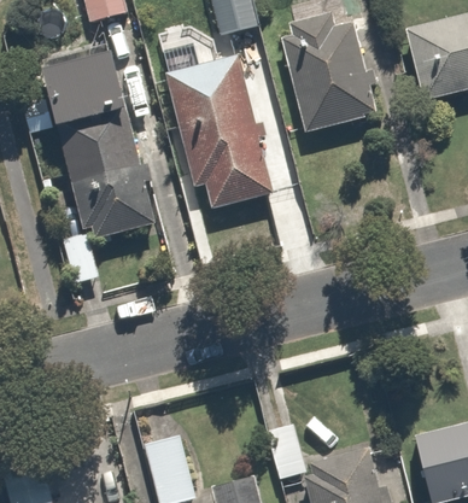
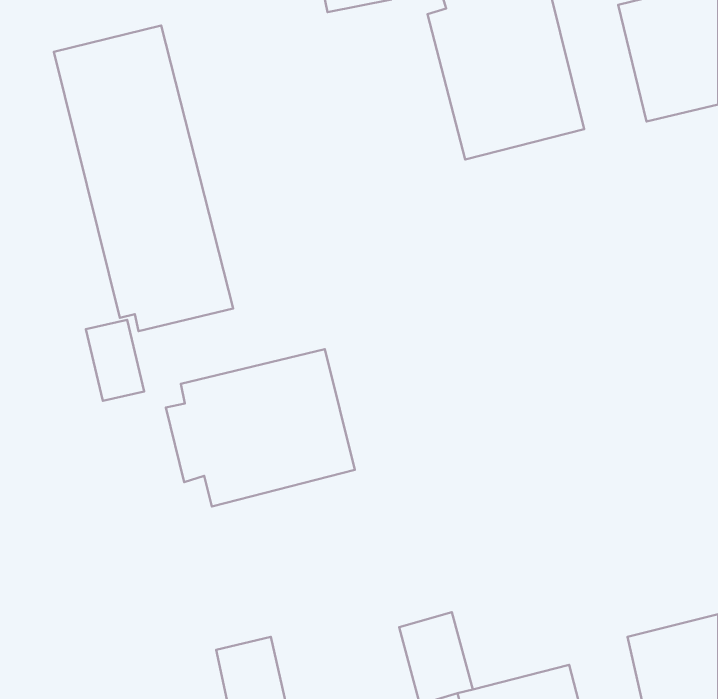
building: [165,52,277,214] -> none
building: none -> [166,349,355,507]

